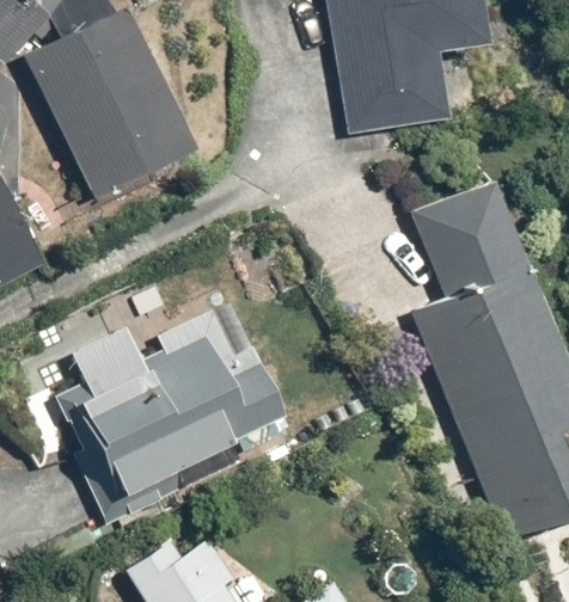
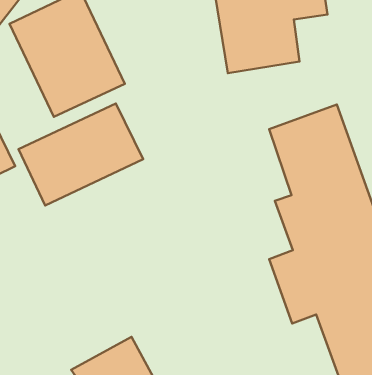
building: none -> [19,103,143,206]
building: [73,331,290,503] -> none

